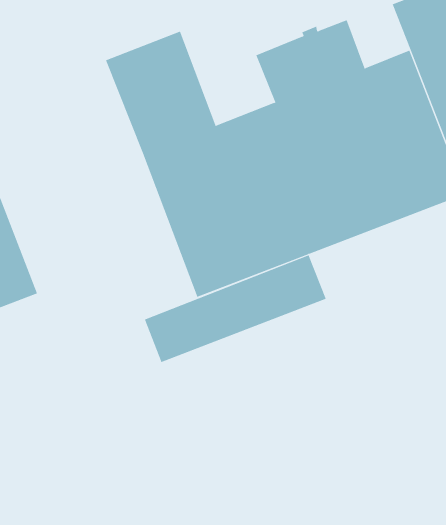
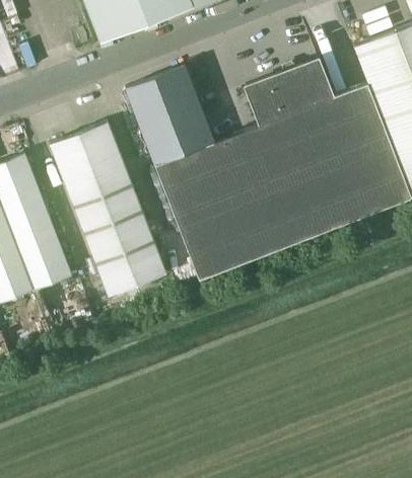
building: none -> [50,123,166,297]
building: [144,254,327,363] -> none

